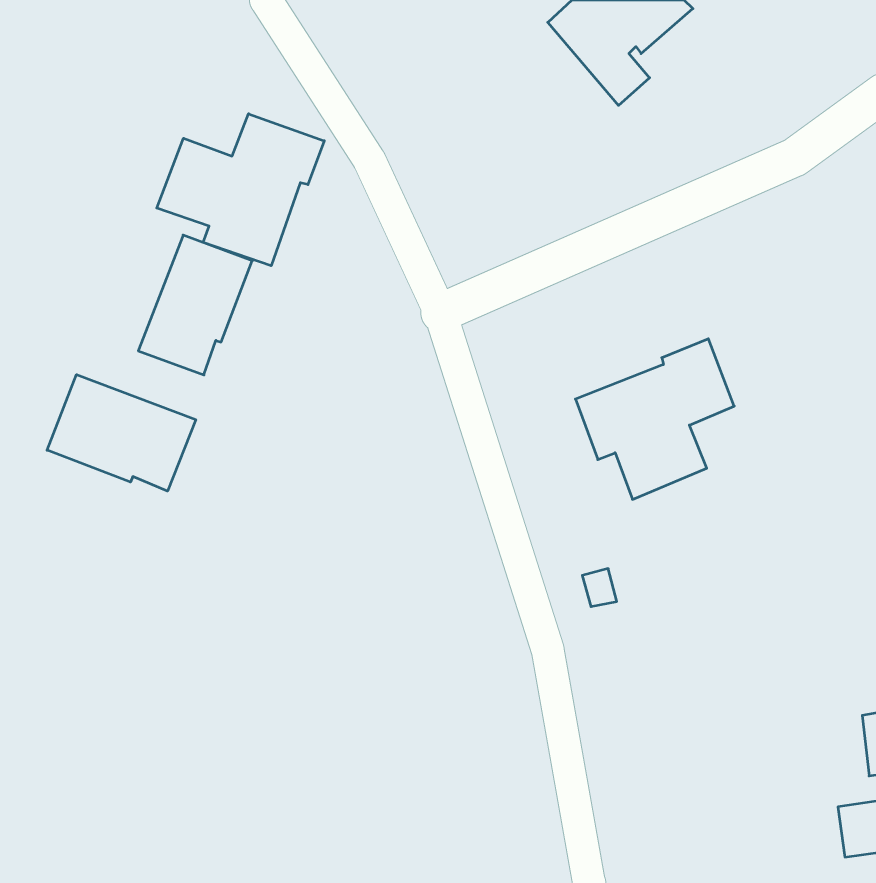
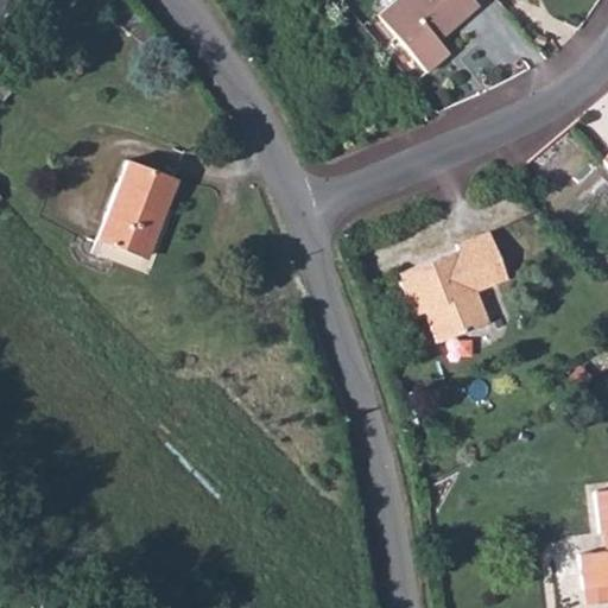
building: [157,114,324,266] -> none
building: [47,375,196,491] -> none

